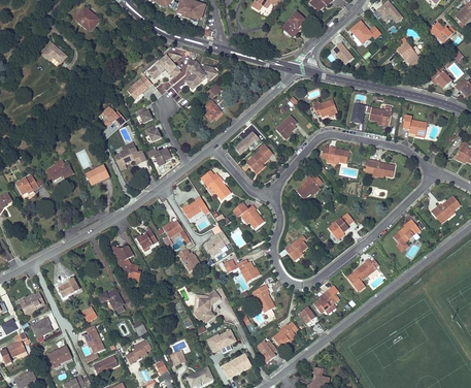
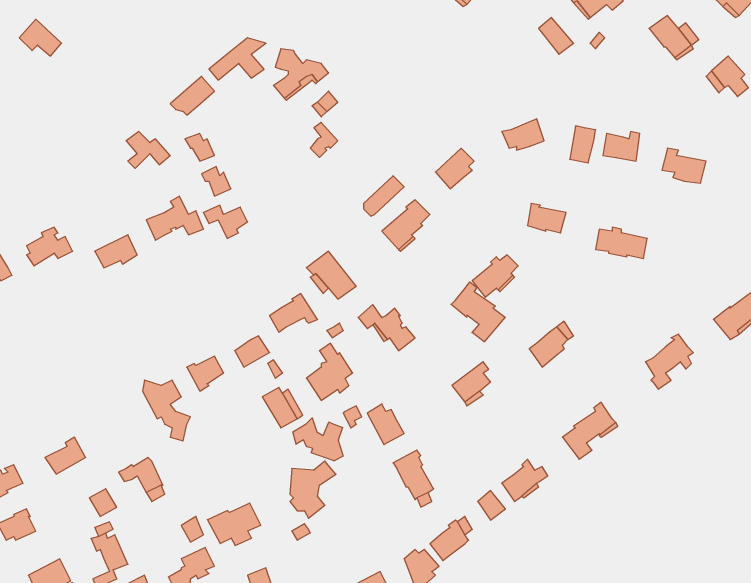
building: none -> [451,282,505,342]
building: none -> [293,418,343,461]
building: [206,329,236,353] -> [207,503,261,546]

